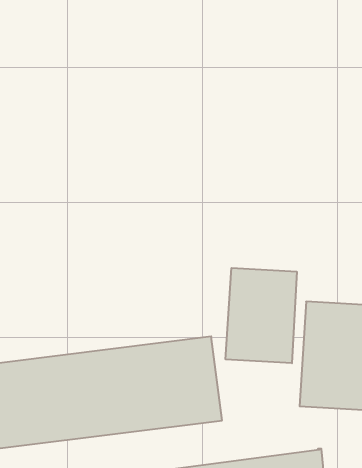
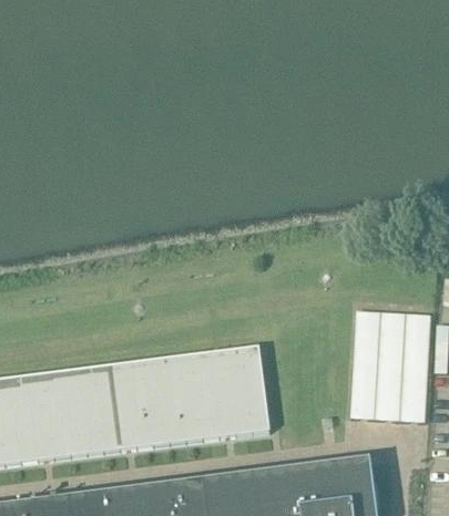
building: [226,268,297,363] -> none

